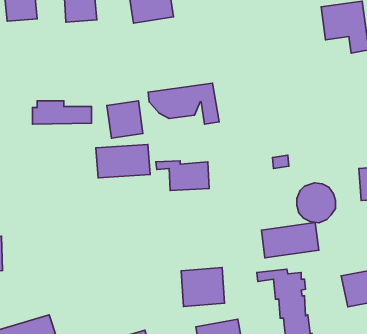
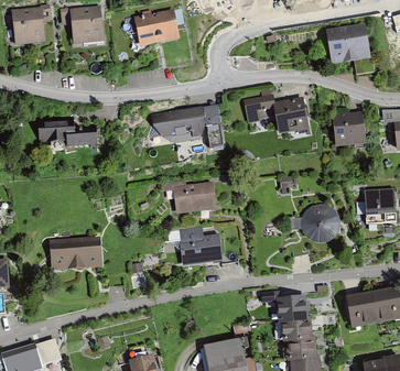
building: none -> [242,94,306,134]
building: none -> [331,112,365,146]
building: [107,101,143,138] -> none
building: [96,145,150,178] -> [48,236,102,269]
building: [261,222,319,258] -> none
building: [181,268,224,306] -> [179,226,221,264]

